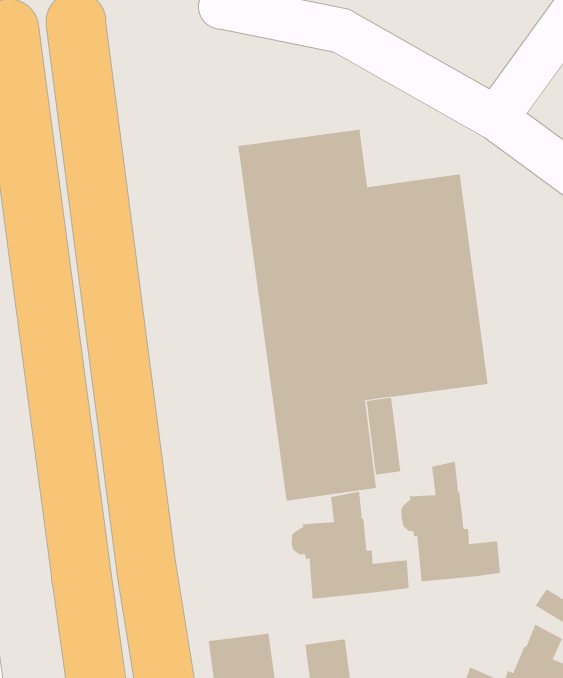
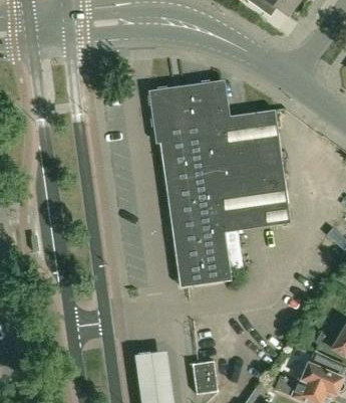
building: [401,461,500,582] -> none
building: [291,491,409,599] -> none

